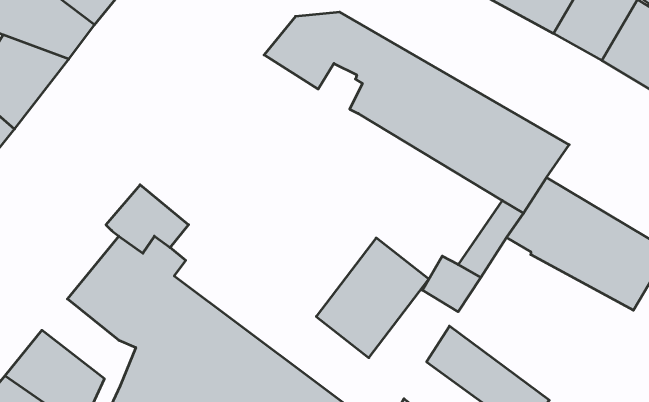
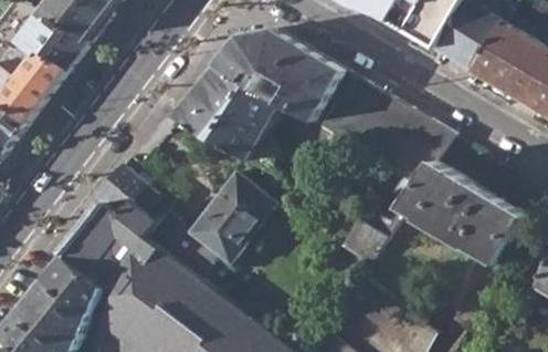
building: none -> [171,65,285,159]
building: [316,238,429,358] -> [188,173,275,266]
building: none -> [40,255,113,322]

